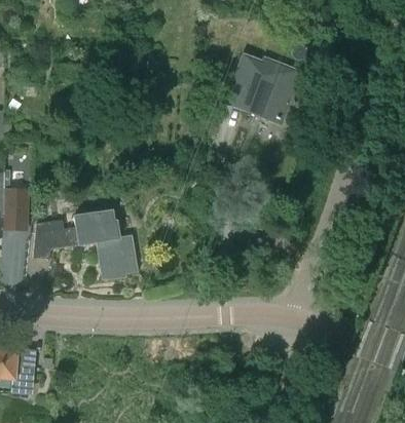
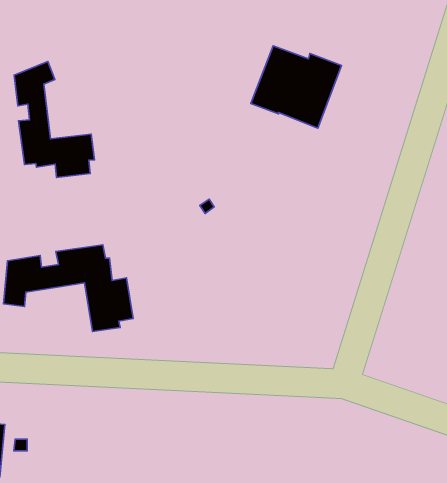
building: none -> [14,61,94,178]

